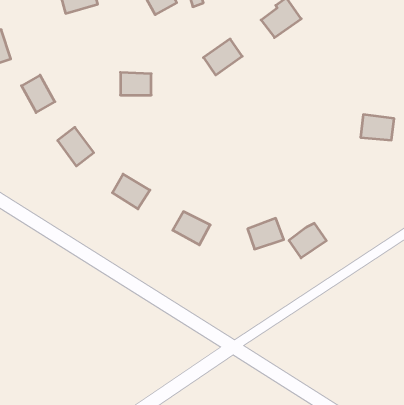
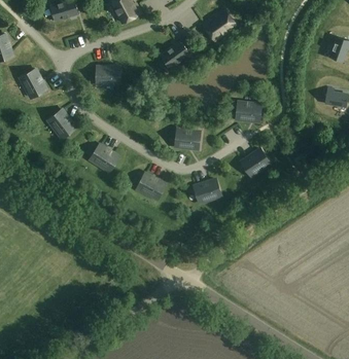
building: [361,115,394,140] -> [236,102,261,121]
building: none -> [175,130,201,149]
building: [289,223,326,258] -> [242,149,271,176]

